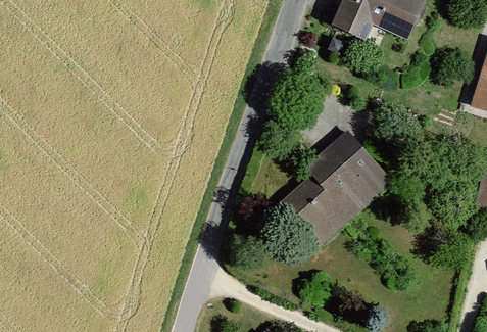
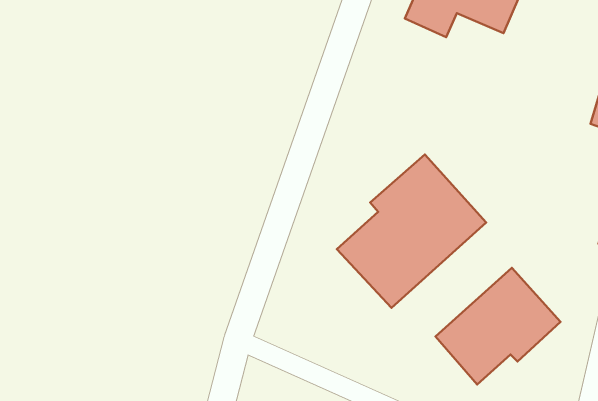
building: none -> [436,268,560,385]

